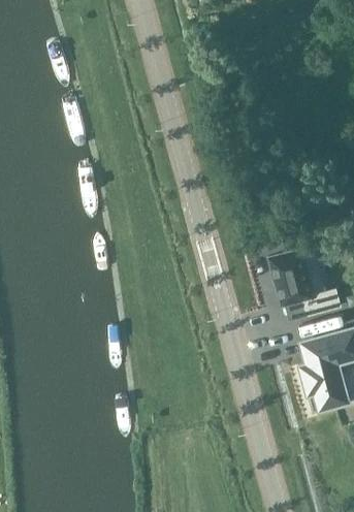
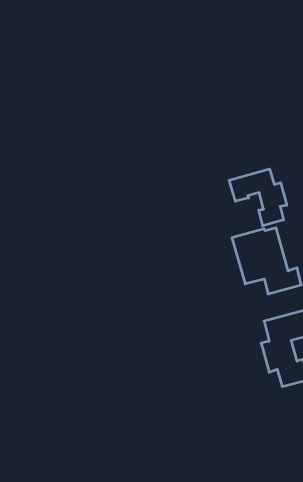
building: none -> [229,169,287,226]

